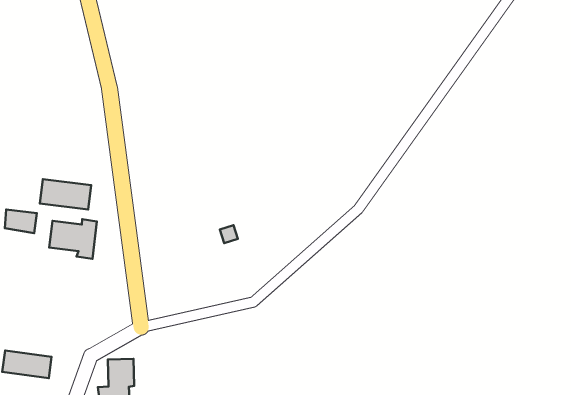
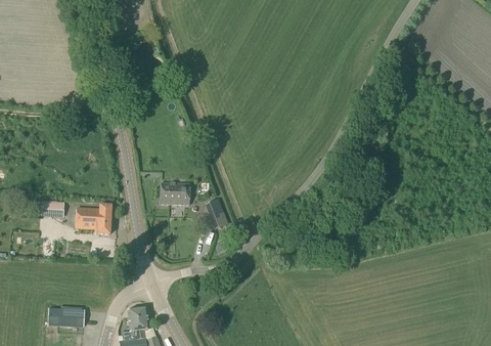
building: [40,179,91,210] -> none
building: none -> [160,182,189,204]

